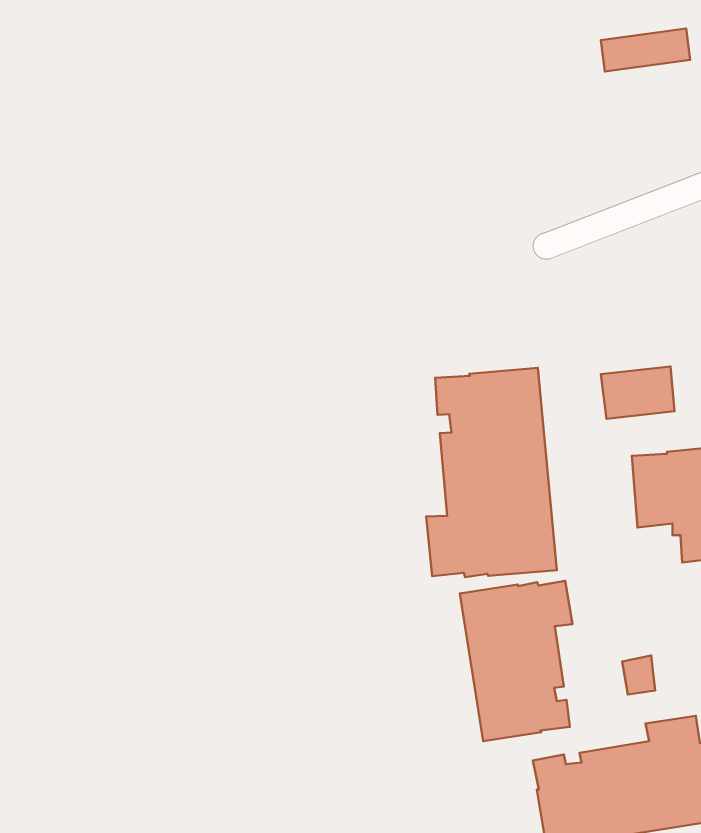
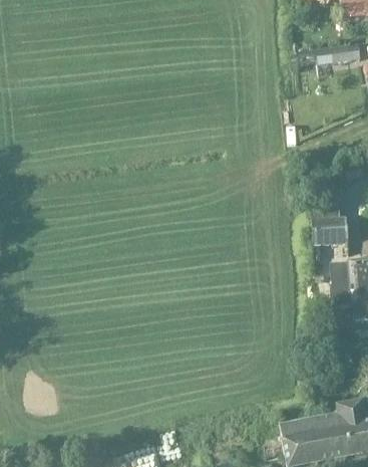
building: [426,368,557,577] -> none
building: [460,581,572,741] -> none

